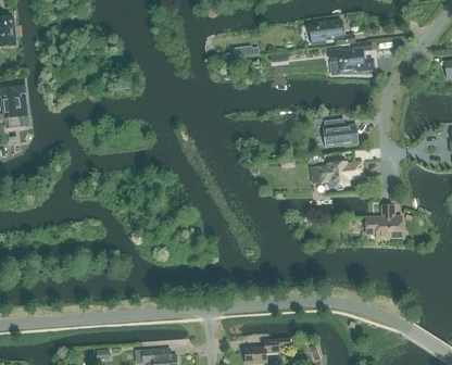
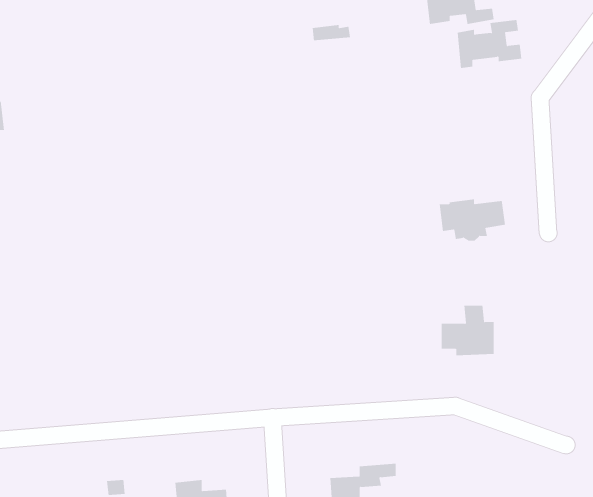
building: [323,118,357,146] -> none
building: [365,205,401,239] -> [441,305,495,356]

